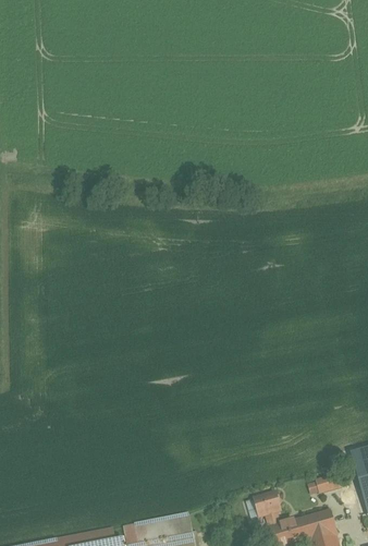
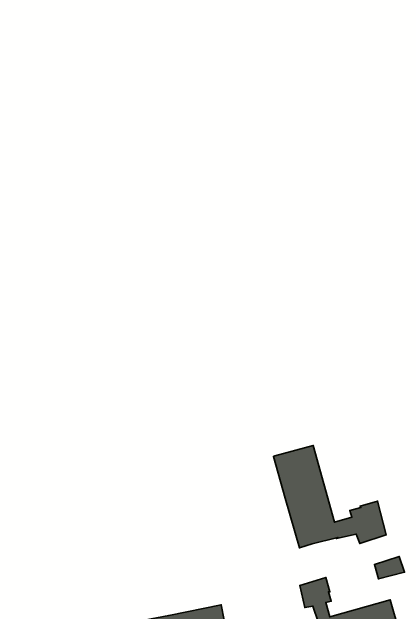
building: none -> [273,446,386,548]

